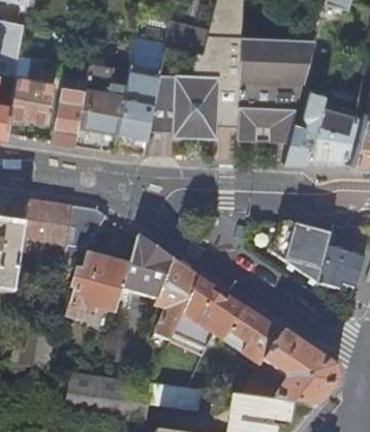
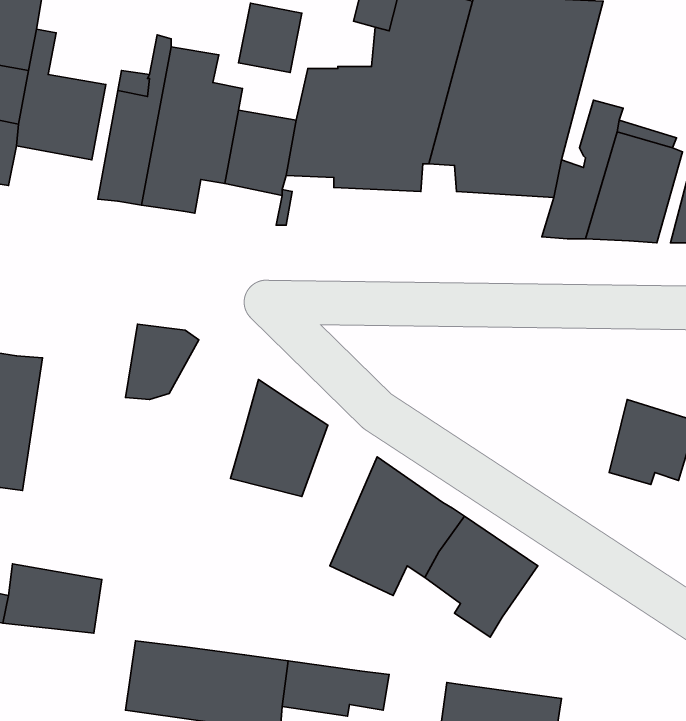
building: [20,199,72,266] -> none
building: [295,224,333,295] -> none
building: [67,254,127,319] -> none
building: [152,259,197,350] -> none
building: [241,333,335,406] -> none

